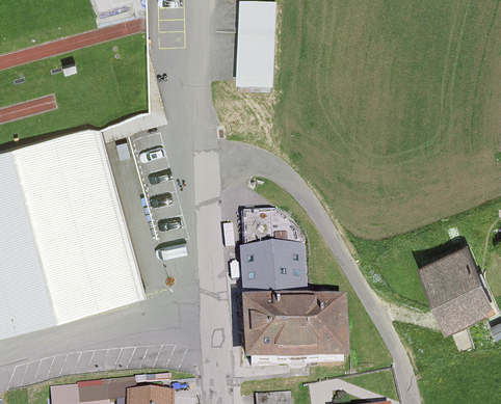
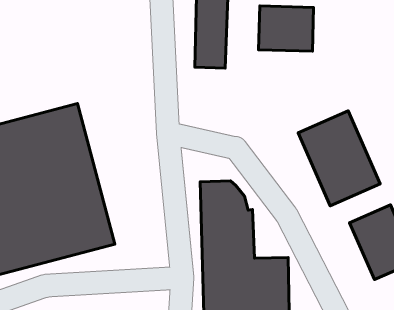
building: none -> [259,6,314,51]
building: none -> [298,111,380,206]

